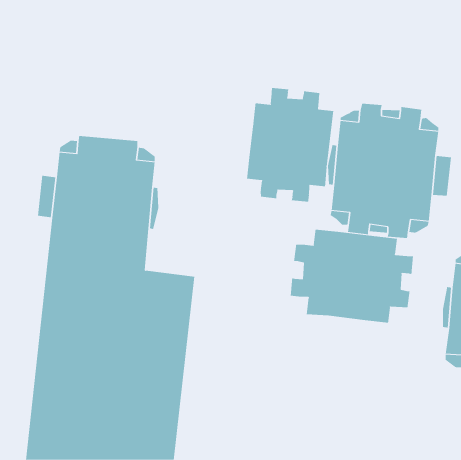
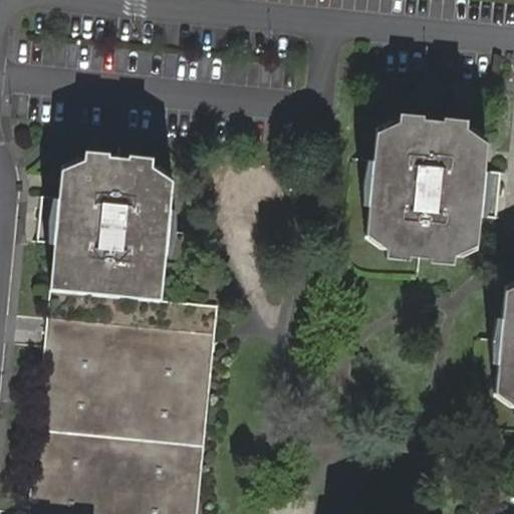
building: [247,87,334,202] -> none
building: [290,229,414,323] -> none

